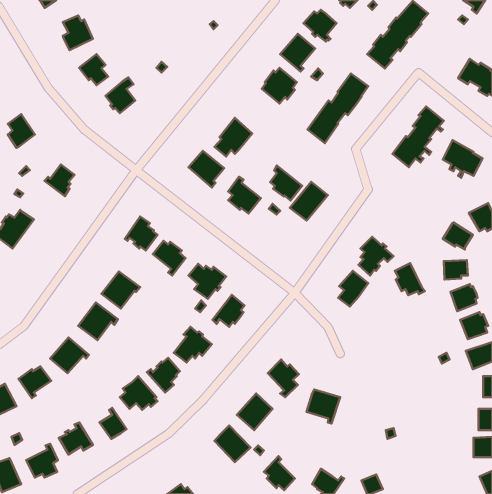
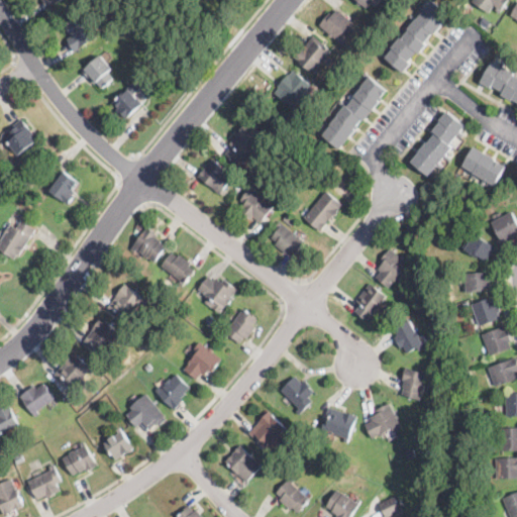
building: [270,166,302,200] -> [271,221,304,257]
building: [395,263,425,295] -> [392,319,423,352]
building: none -> [400,367,427,401]
building: none -> [365,402,401,438]

